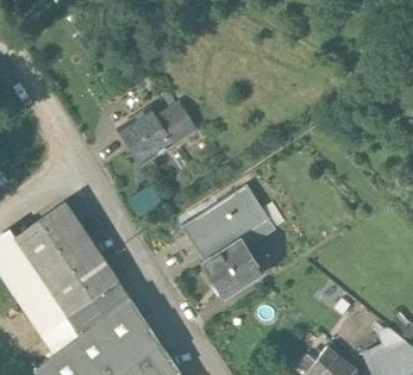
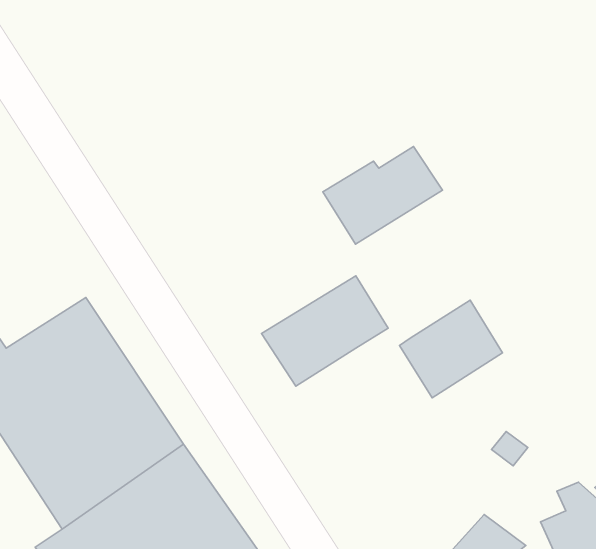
building: [119,102,198,167] -> [323,147,442,244]
building: [196,238,264,302] -> [399,300,503,398]

